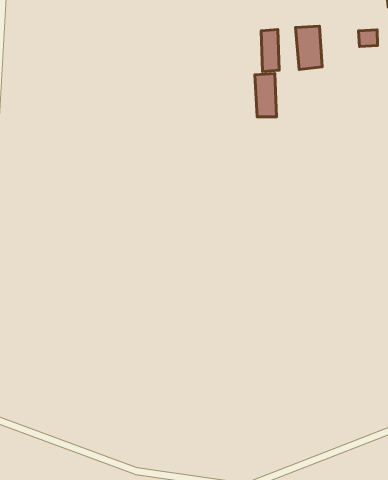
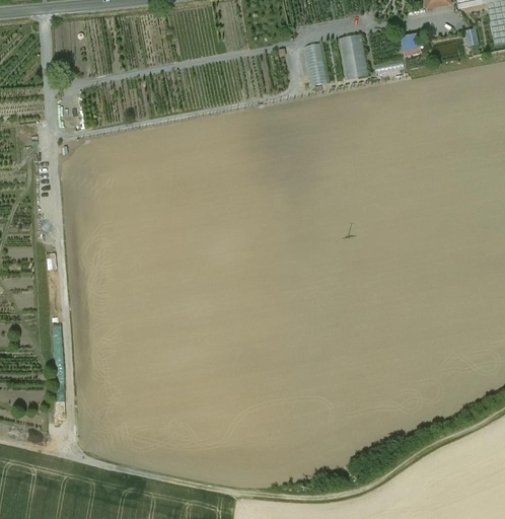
building: [255,74,276,117] -> none

